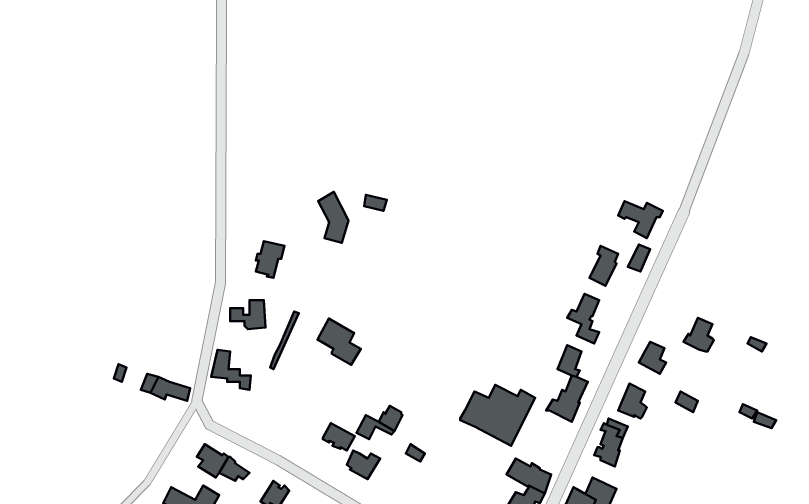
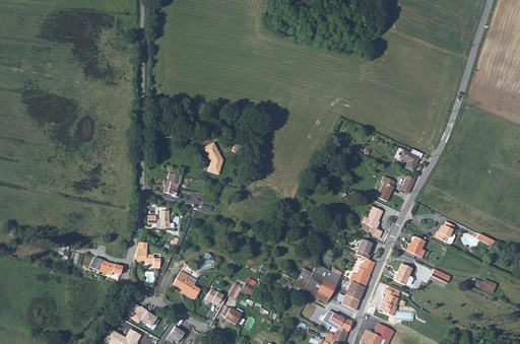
building: [318,319,361,365] -> [173,270,200,299]
building: none -> [341,280,365,309]

